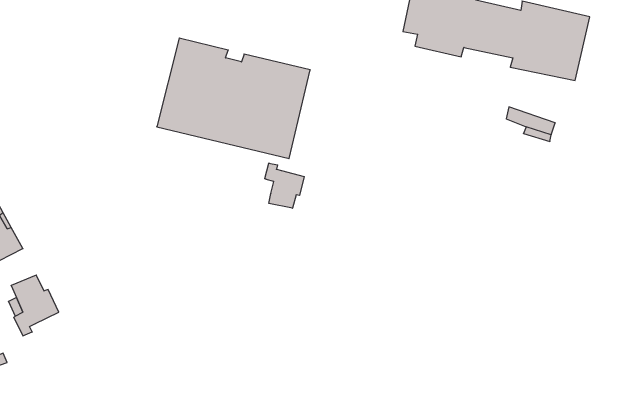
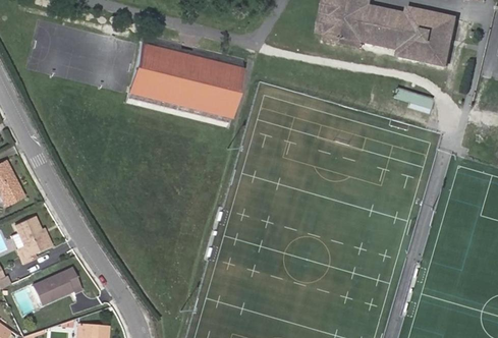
building: [265,163,304,208] -> none
building: none -> [33,267,82,301]

